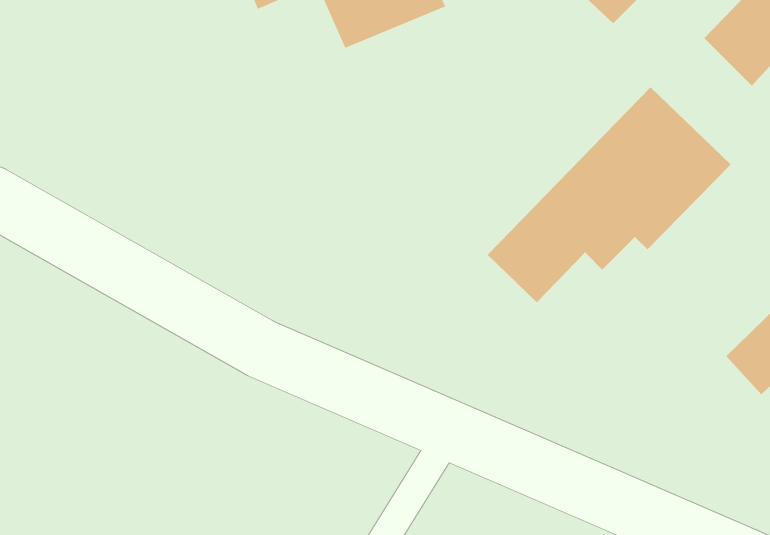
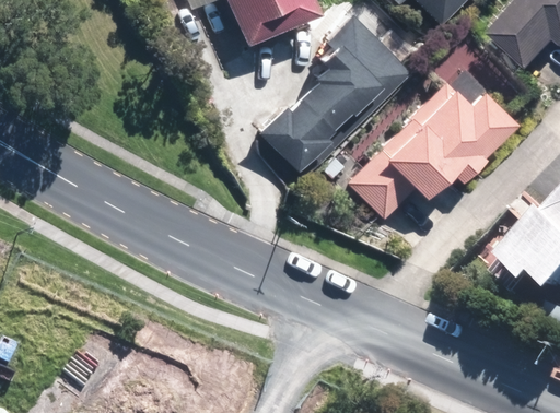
building: none -> [260,13,406,172]

